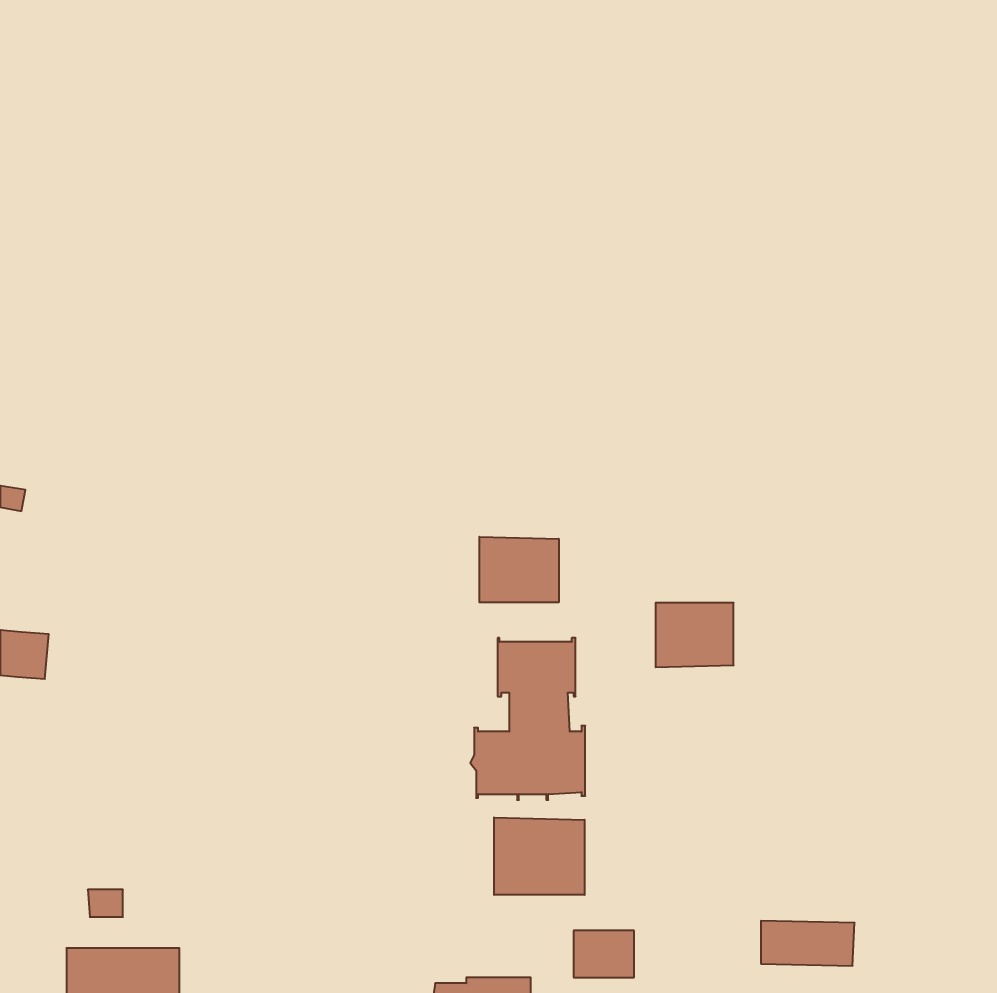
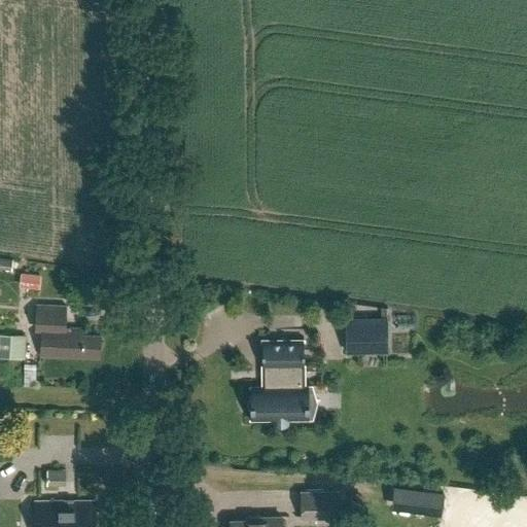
building: [479,537,559,602] -> none
building: none -> [36,306,99,359]
building: [494,817,585,895] -> none

